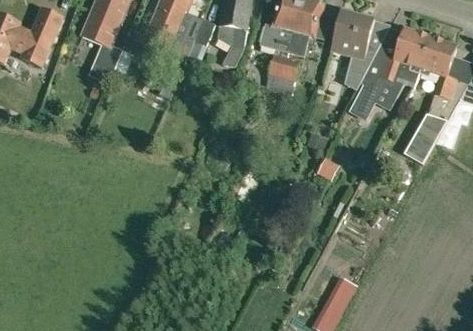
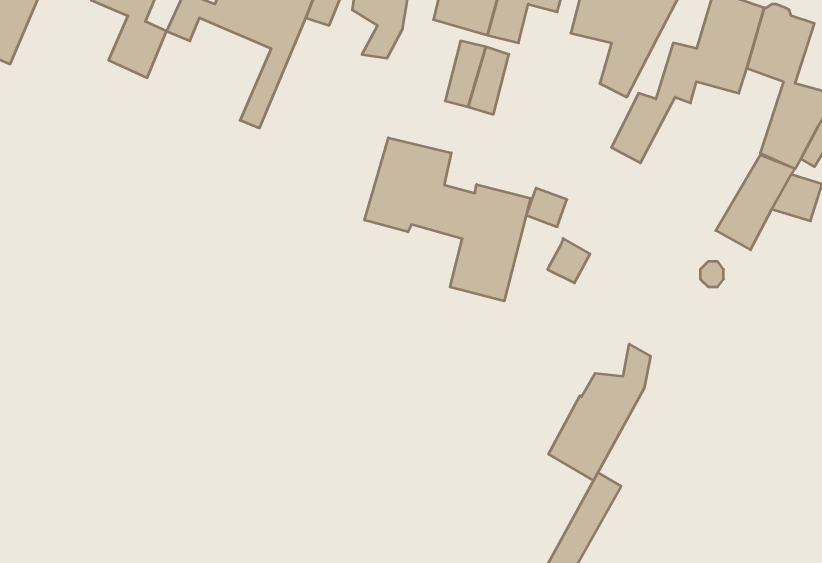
building: none -> [365,138,531,301]
building: none -> [549,344,650,480]

